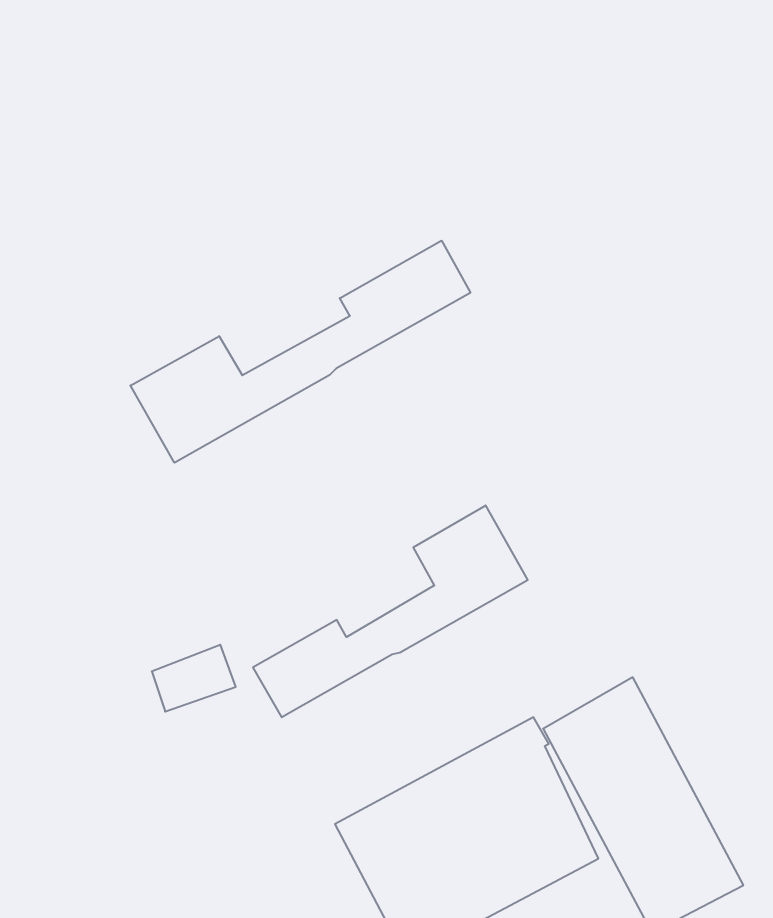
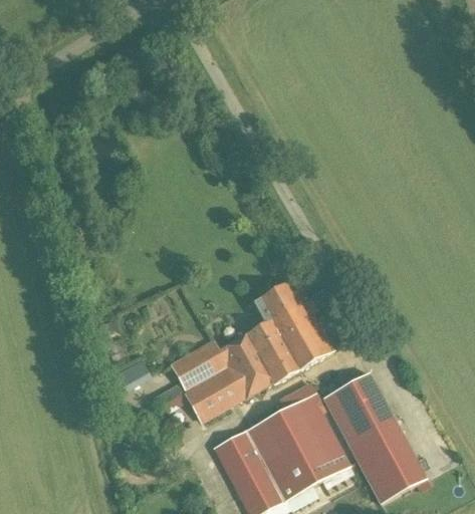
building: [130,241,470,463] -> none
building: none -> [185,319,331,423]

